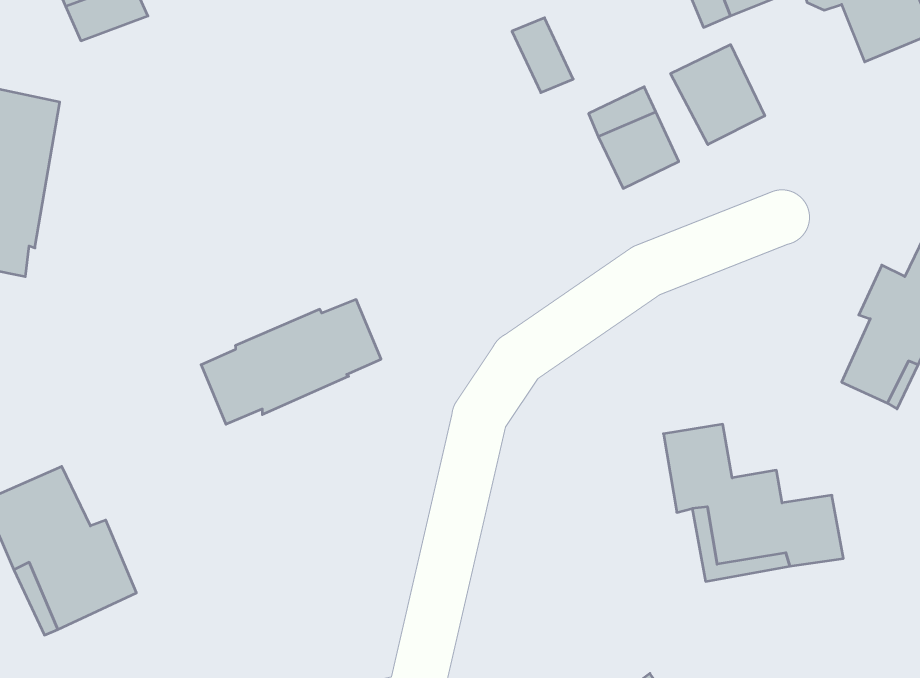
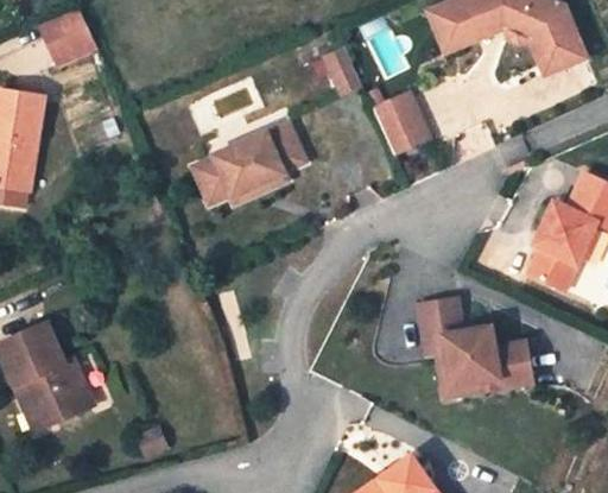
building: [671,45,765,145] -> none
building: [201,300,381,424] -> [194,124,305,201]

